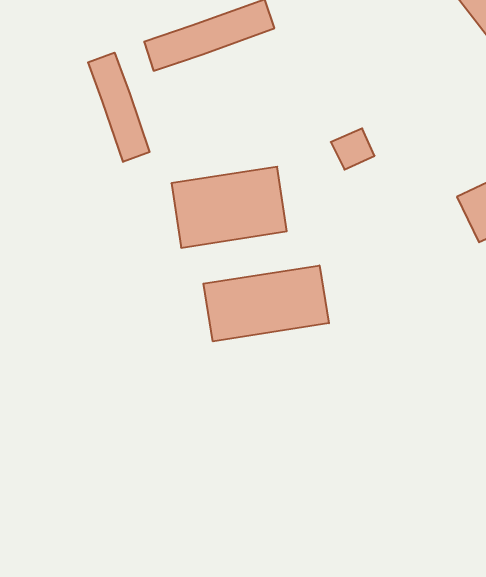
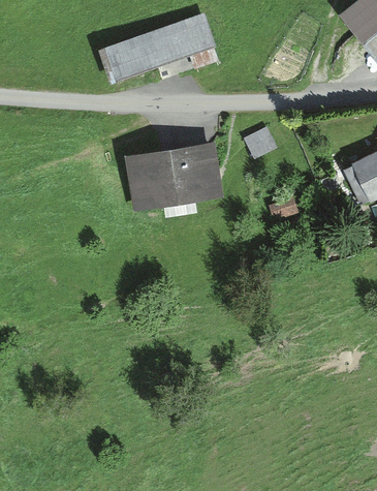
building: [88,53,150,162] -> none
building: [203,265,329,341] -> none

